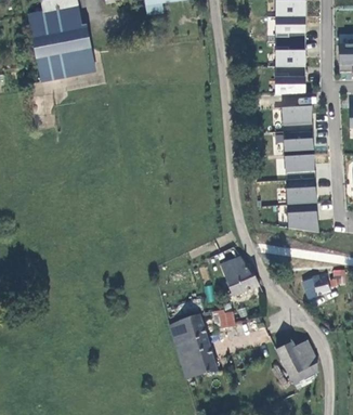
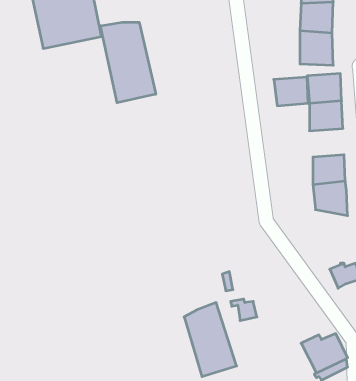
building: none -> [101,22,156,103]
building: [283,154,314,180] -> [274,77,308,106]
building: [220,256,259,296] -> none

